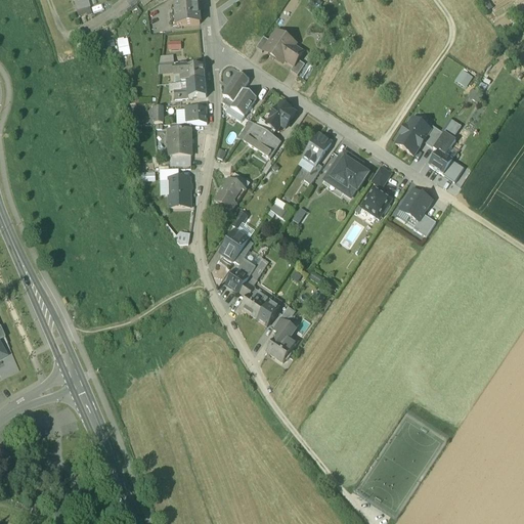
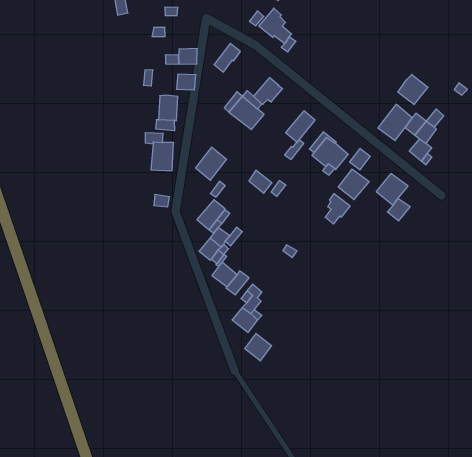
building: [174,62,205,80] -> none
building: none -> [398,74,428,105]
building: [229,86,256,114] -> none
building: none -> [325,194,350,224]
building: none -> [245,333,272,361]

